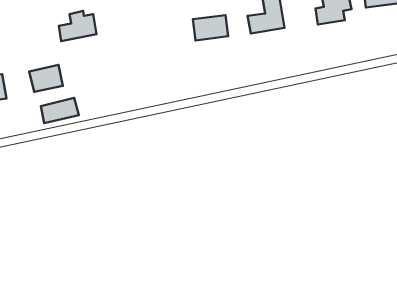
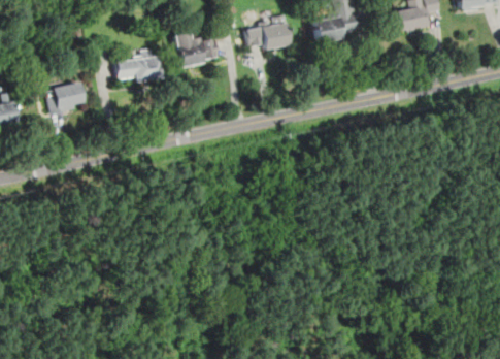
building: [59,11,96,41] -> [118,48,164,86]
building: none -> [173,31,220,68]
building: [41,98,79,123] -> none

